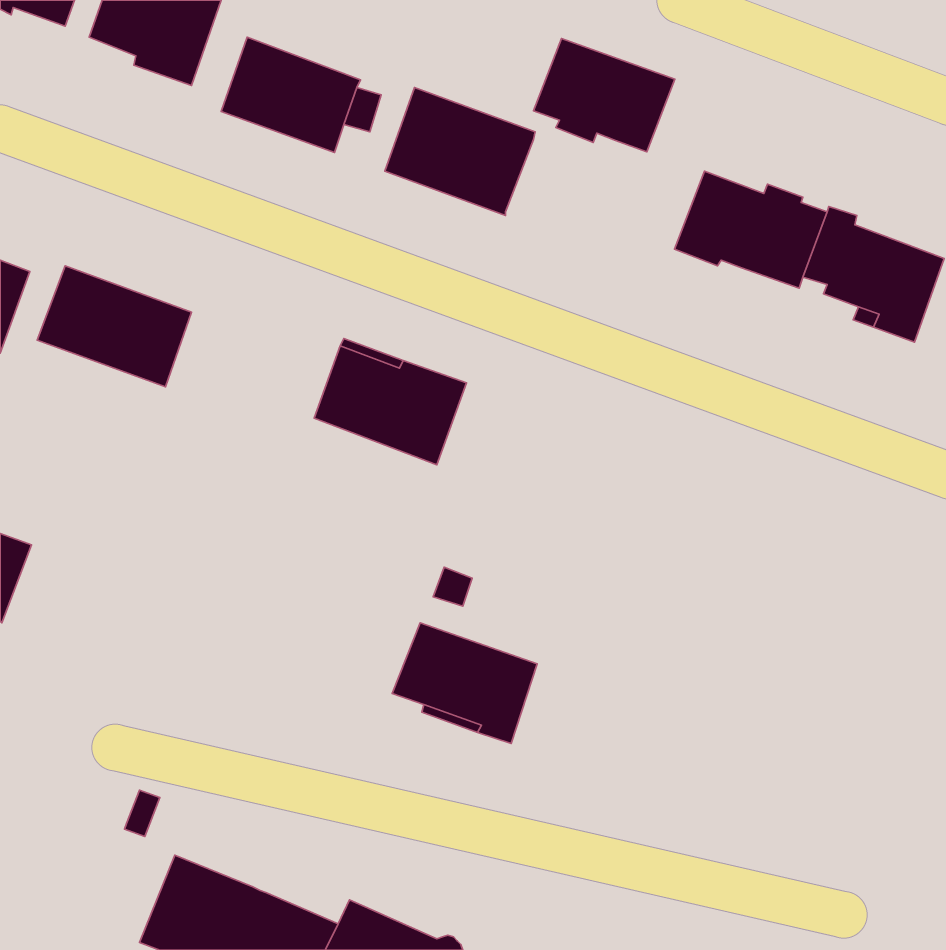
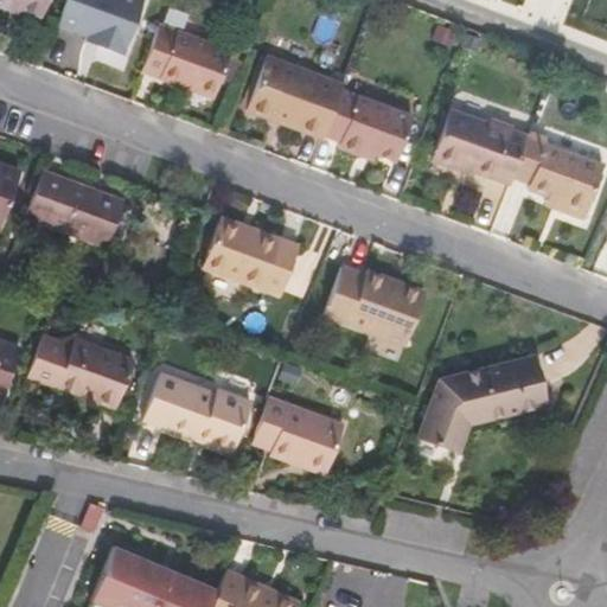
building: [534,38,675,152] -> [325,89,415,161]
building: none -> [325,266,426,344]
building: none -> [28,337,135,409]
building: none -> [417,353,549,453]
building: none -> [143,372,253,453]

